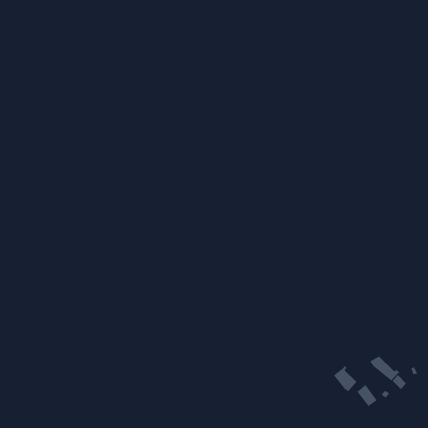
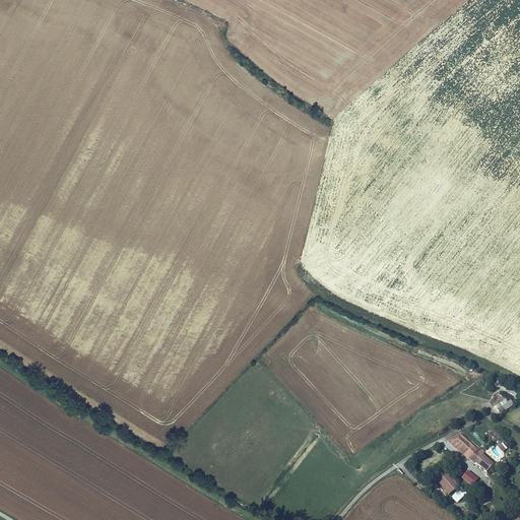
building: [334,365,357,392] -> none

